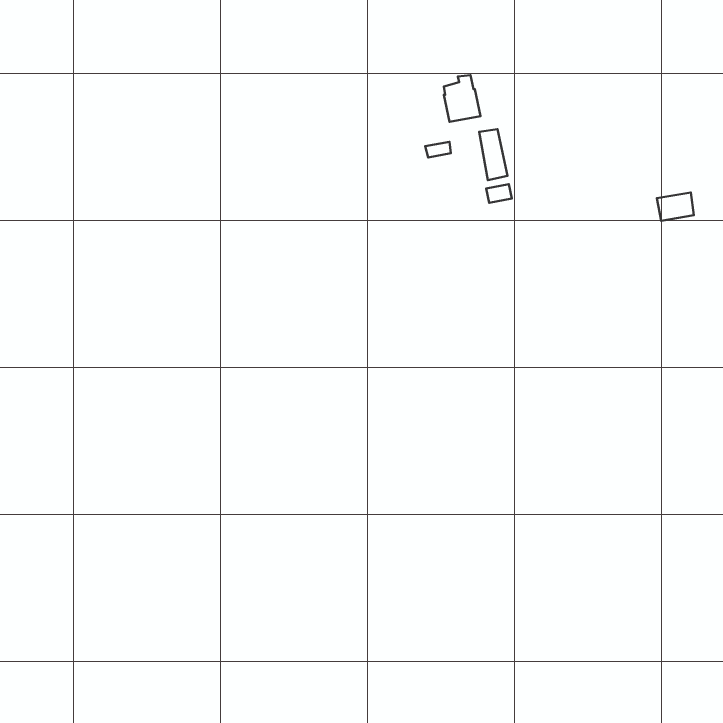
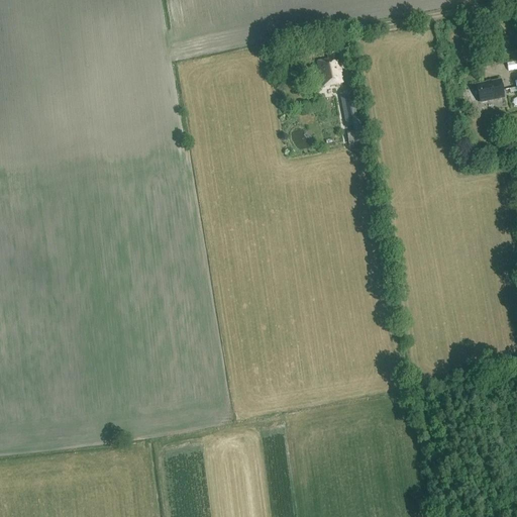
building: [657,193,694,221] -> [476,82,502,102]

